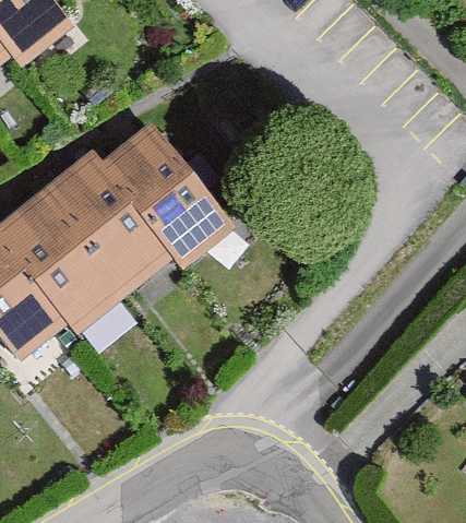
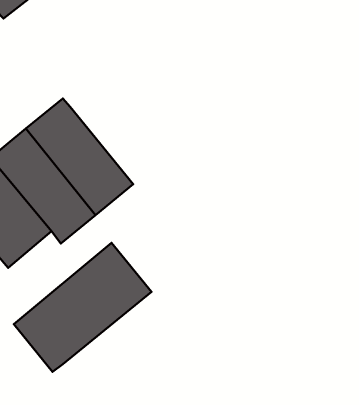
building: [96,123,235,272] -> none
building: none -> [14,243,151,372]

